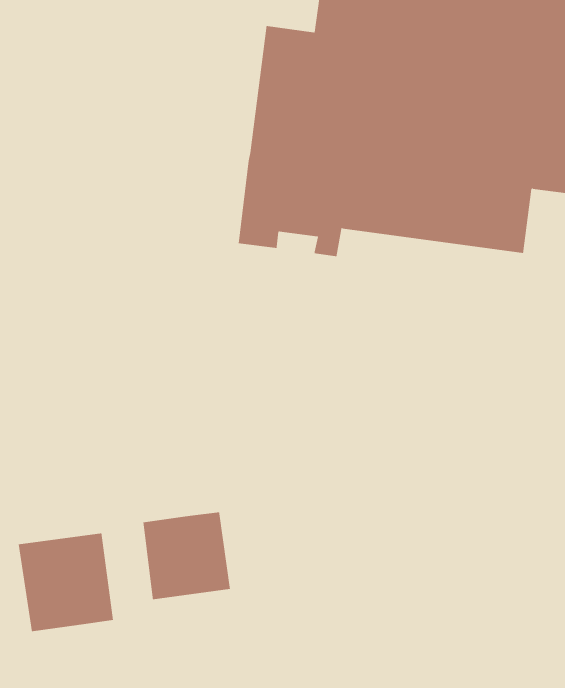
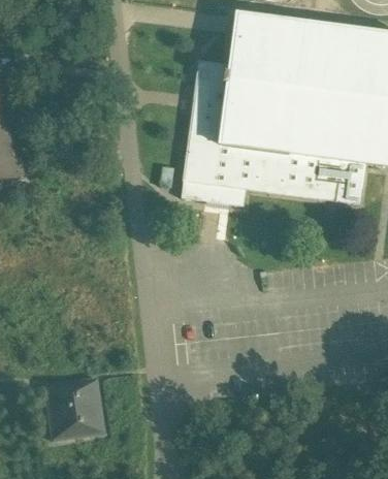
building: [143,511,231,600] -> none

